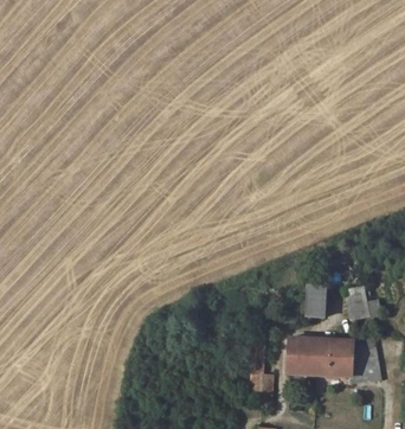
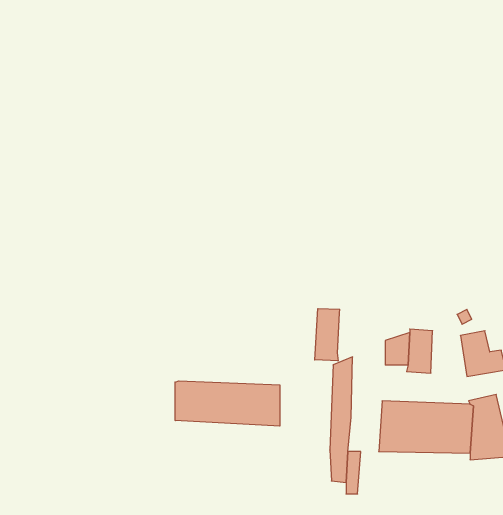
building: none -> [315,309,340,361]
building: none -> [175,381,280,426]

